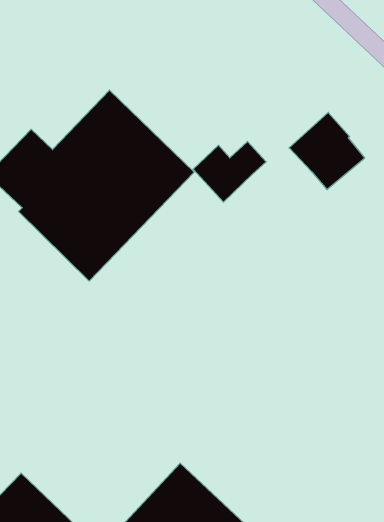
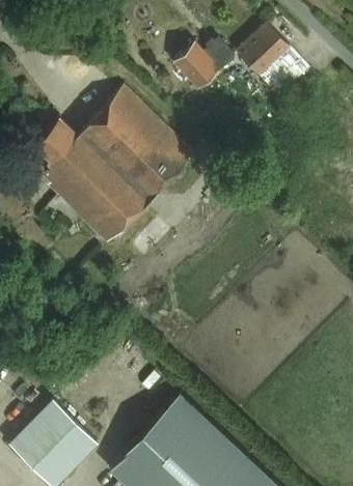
building: [289,112,365,190] -> [238,23,300,86]
building: [193,141,266,202] -> [173,40,234,90]

